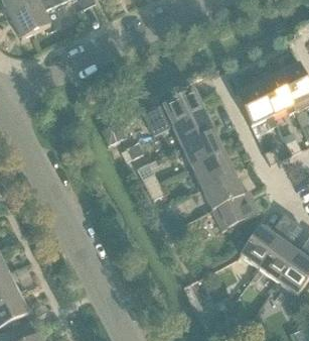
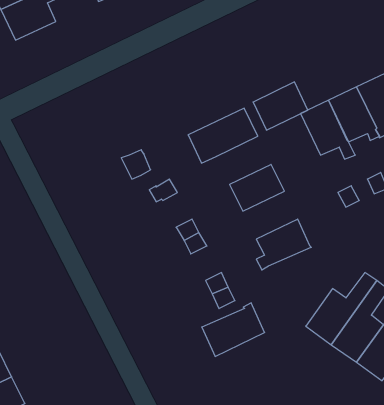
building: [172,109,213,145] -> [253,82,308,130]
building: [192,150,234,187] -> none
building: [211,189,259,229] -> [202,303,265,356]

